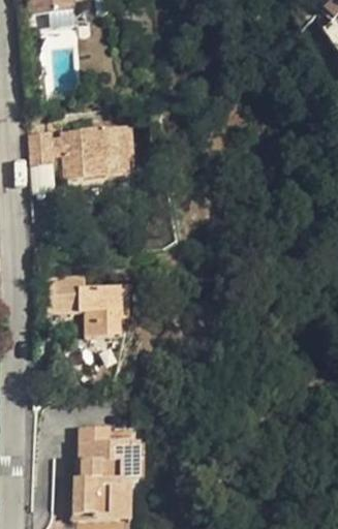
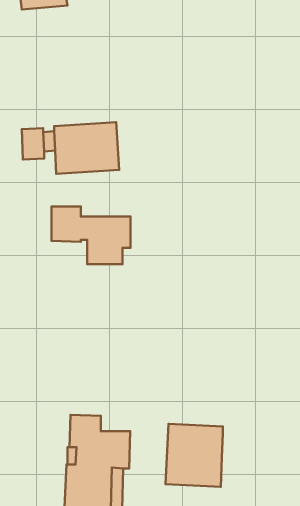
building: [48,277,128,336] -> [52,206,131,264]
building: none -> [166,424,223,487]

